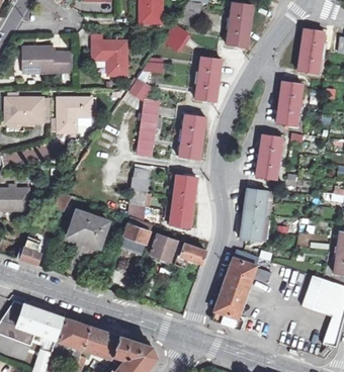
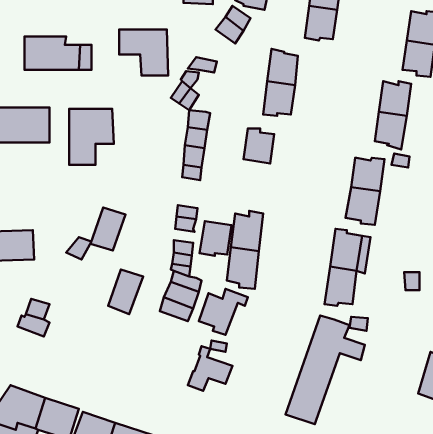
building: [178,135,201,161] -> [199,221,231,256]
building: [68,210,93,242] -> [91,207,126,251]
building: [175,236,207,268] -> [188,346,232,391]

